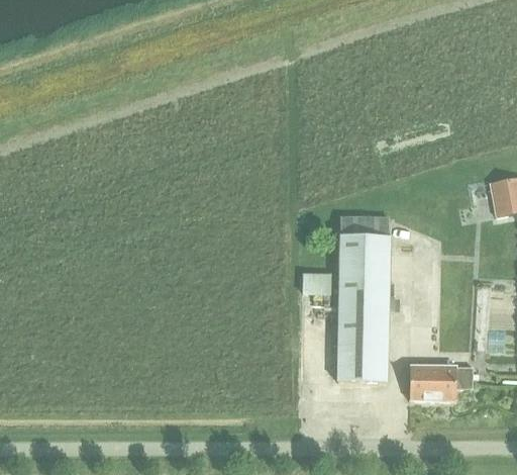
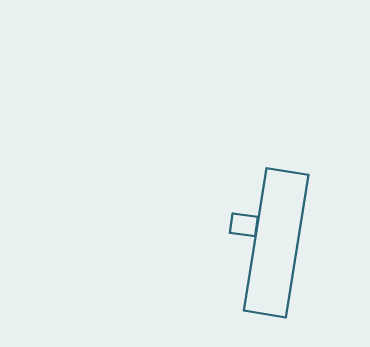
building: [409,365,474,400] -> none

